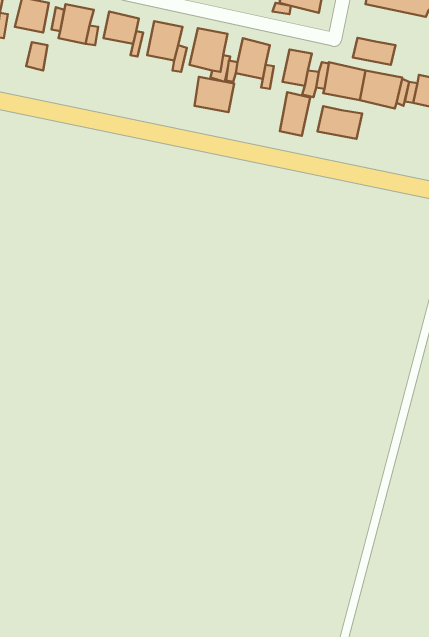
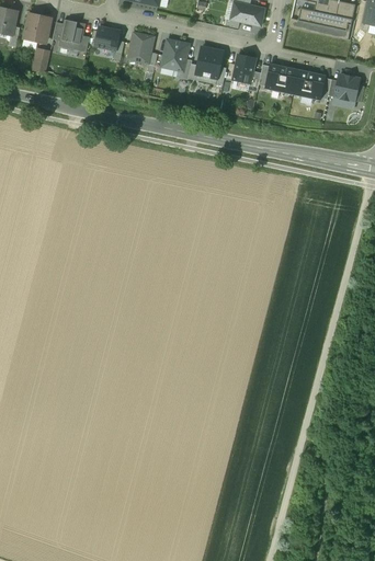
building: [353,38,396,65] -> none
building: [195,77,234,112] -> none
building: [280,92,310,136] -> none
building: [318,106,362,139] -> none

